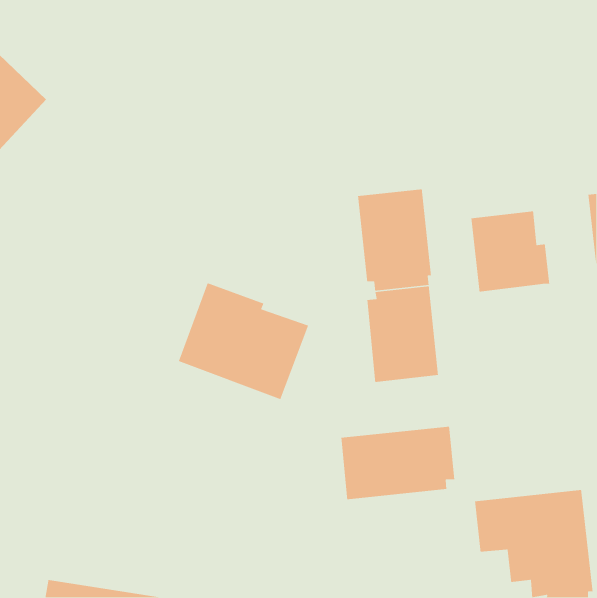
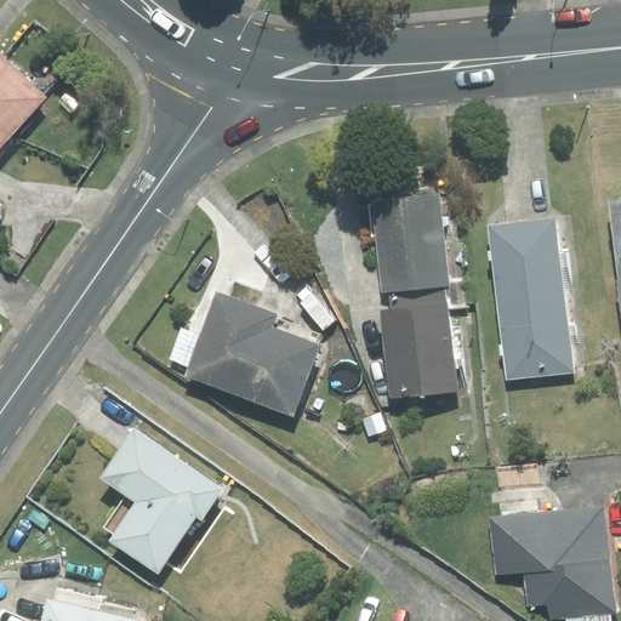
building: none -> [496,295,576,380]
building: none -> [108,432,235,574]
building: [340,426,455,500] -> none

